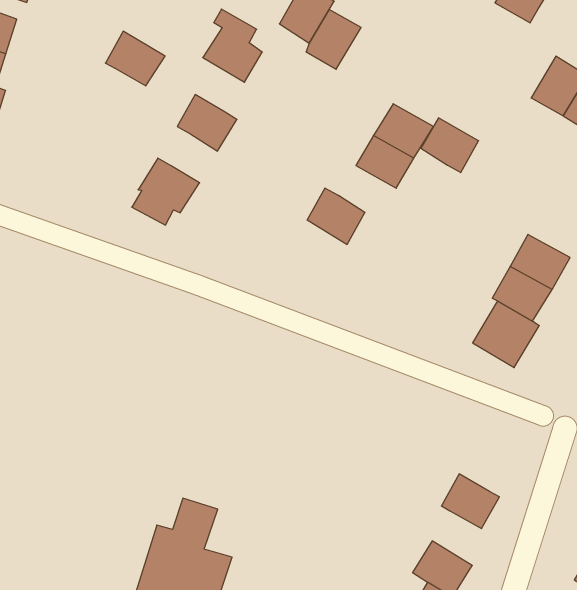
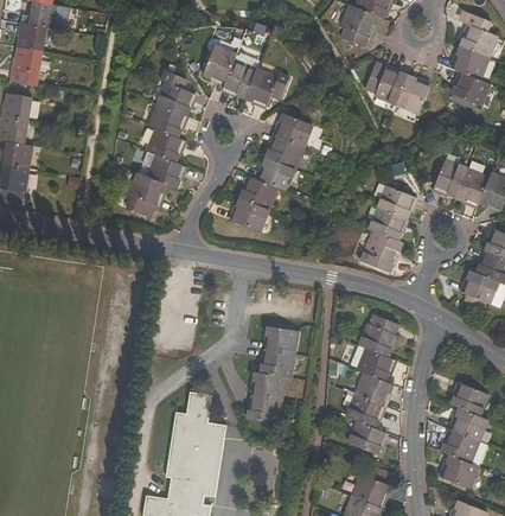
building: none -> [244,68,289,106]
building: [105,31,165,86] -> [148,103,186,136]
building: [421,118,479,173] -> [258,158,295,191]
building: none -> [147,154,185,189]
building: none -> [231,198,269,232]
building: none -> [247,325,298,423]
building: none -> [359,313,397,356]
building: none -> [354,372,391,406]

